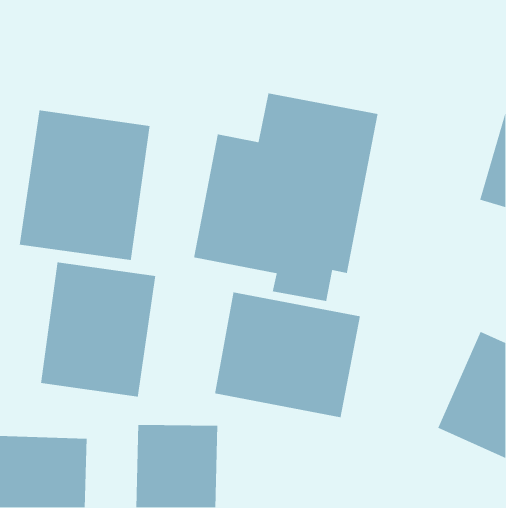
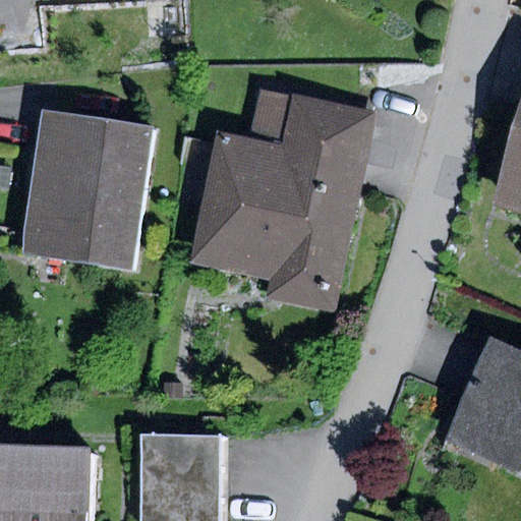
building: [40,261,156,397] -> none
building: [214,291,361,418] -> none

